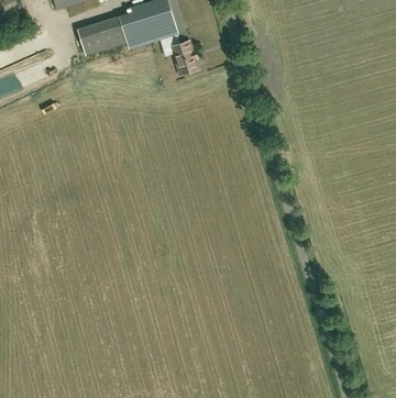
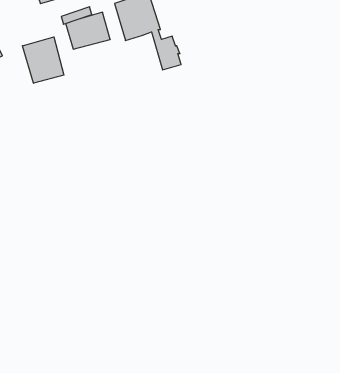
building: none -> [22,37,64,83]

